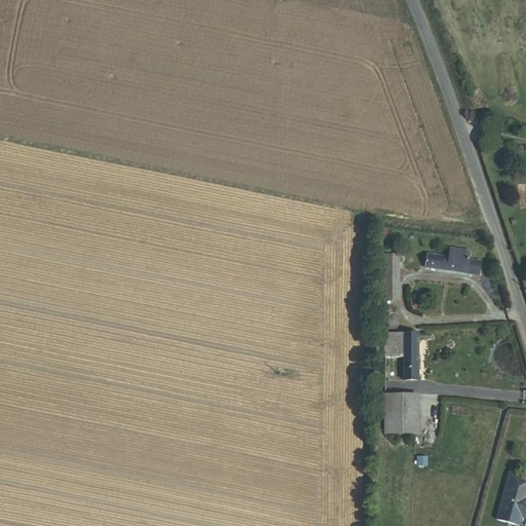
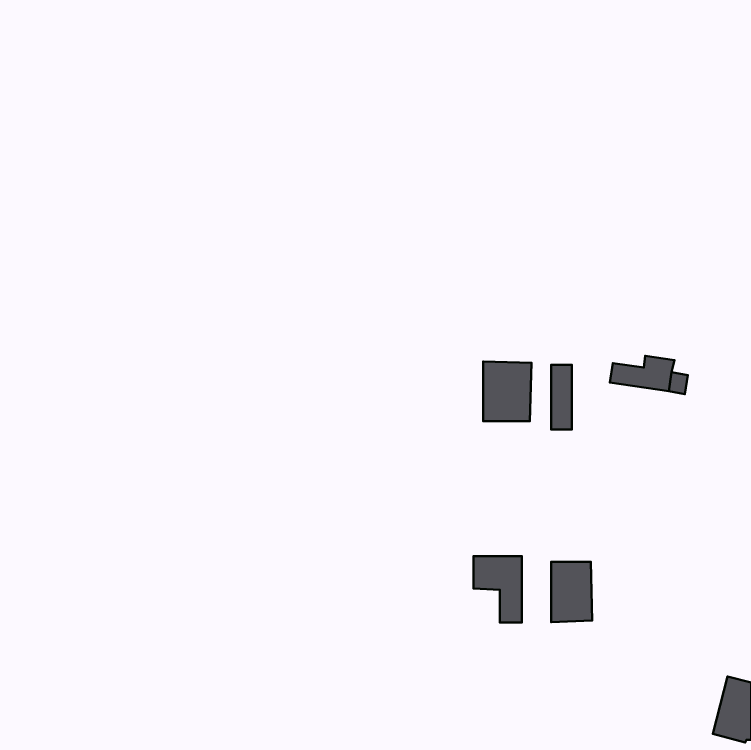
building: none -> [483,361,531,421]
building: [385,333,419,379] -> [473,556,522,622]

